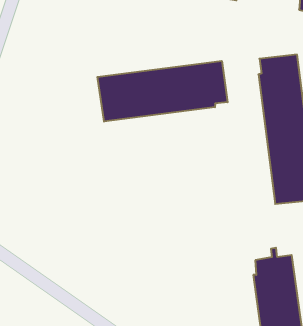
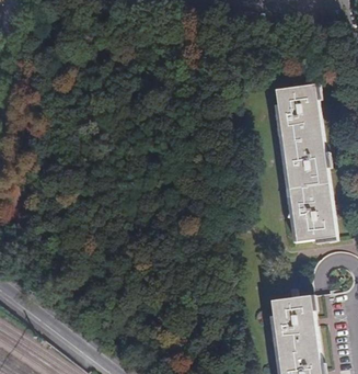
building: [97,61,228,122] -> none

